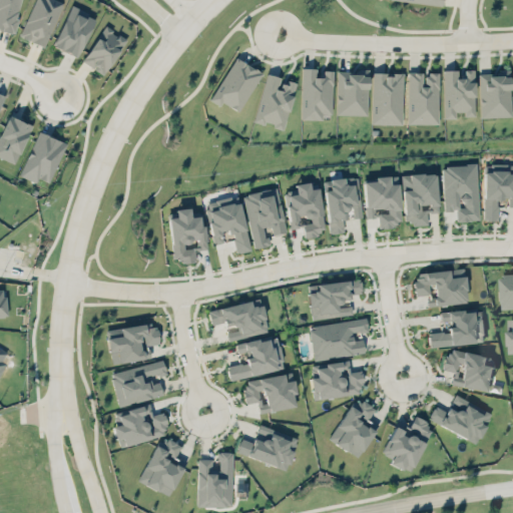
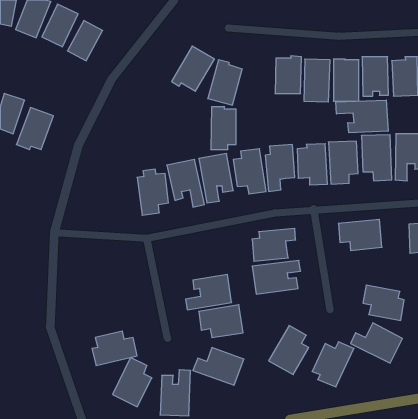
building: [303,68,334,120] -> [211,107,236,149]
building: none -> [336,100,388,133]
building: [209,300,269,340] -> none
building: [430,309,486,347] -> none
building: [107,323,159,364] -> none
building: [111,361,167,406] -> none
building: [311,362,364,399] -> none

